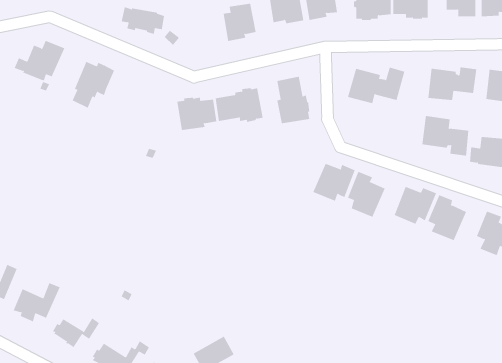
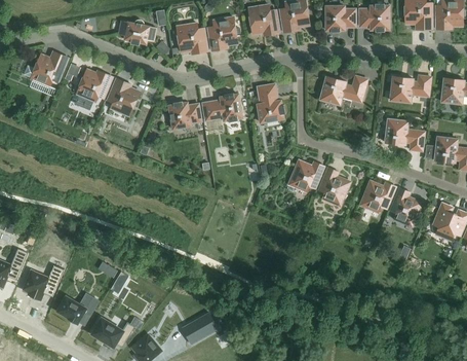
building: none -> [176,23,207,53]
building: none -> [106,77,139,115]

